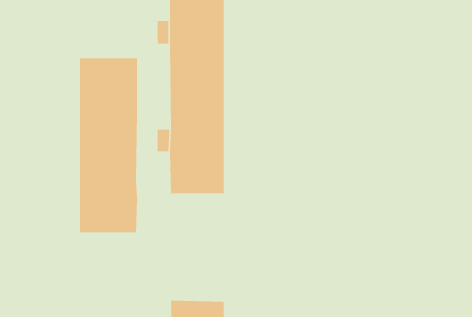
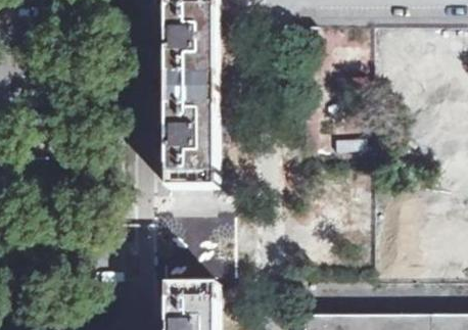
building: [80,57,138,233] -> none

